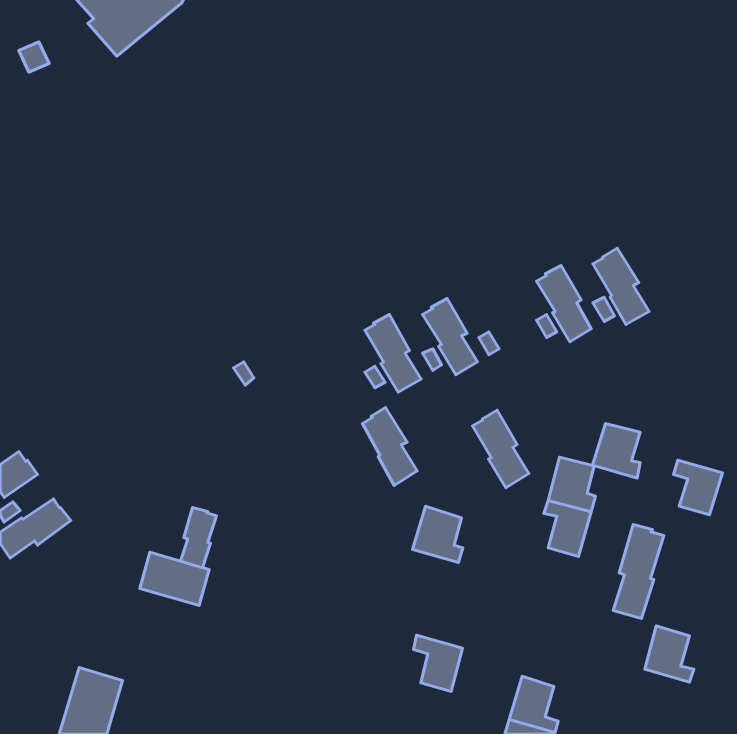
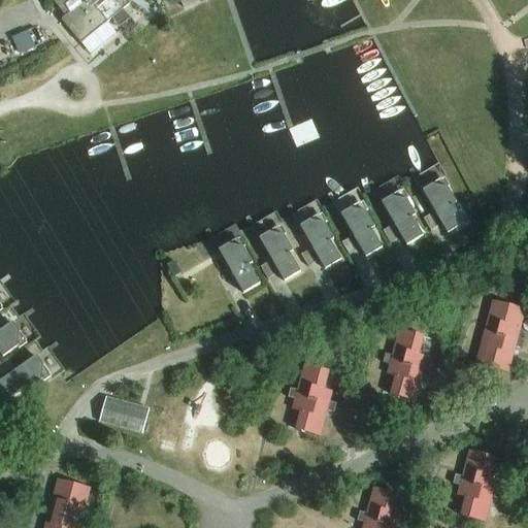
building: [362,407,417,485] -> [221,237,260,293]
building: [473,410,529,488] -> [342,201,383,257]
building: [593,423,640,478] -> [485,299,519,338]
building: [181,507,217,568] -> none
building: [613,524,664,619] -> none
building: [414,635,463,691] -> [293,393,328,433]
building: none -> [458,478,493,519]

